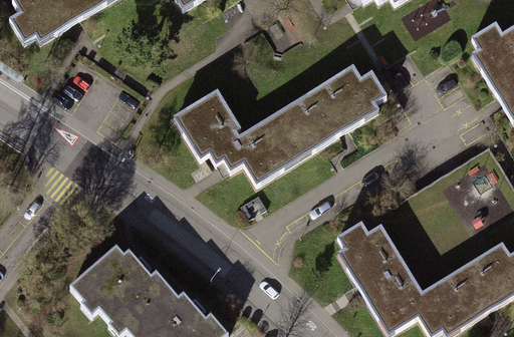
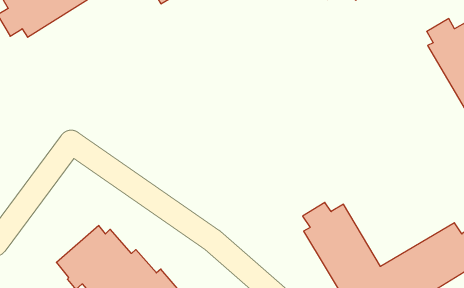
building: [174,64,388,184] -> none

